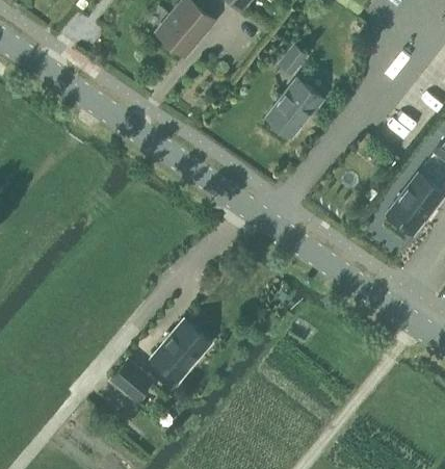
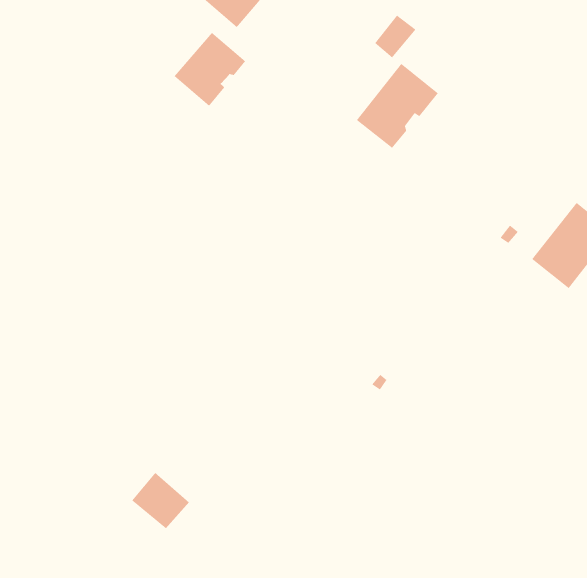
building: none -> [173,32,246,107]
building: [152,321,210,382] -> none

